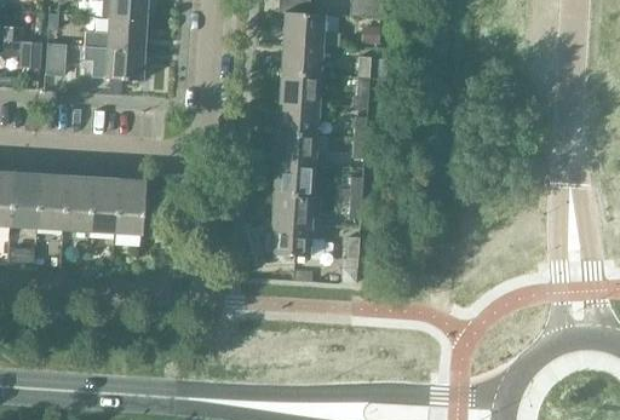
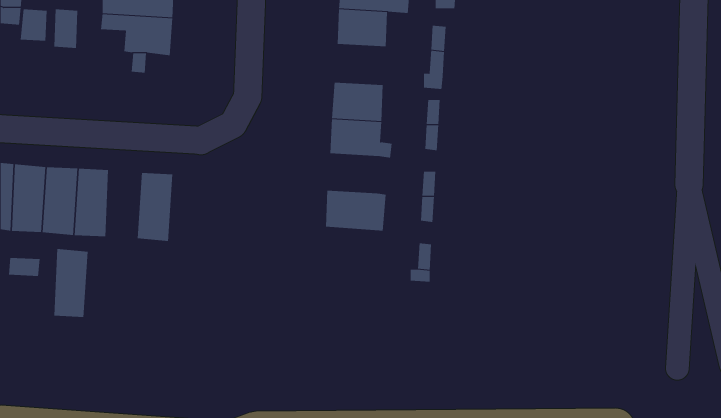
building: [279,71,322,105] -> none
building: [272,162,316,195] -> none
building: [90,176,119,232] -> [53,249,89,317]
building: [269,223,320,257] -> none

